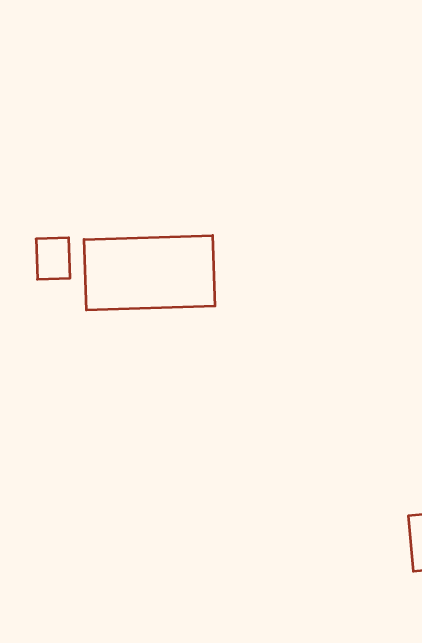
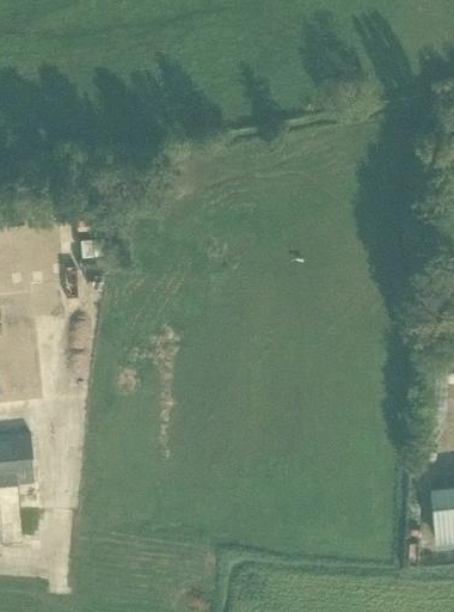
building: [84,235,215,310] -> none

